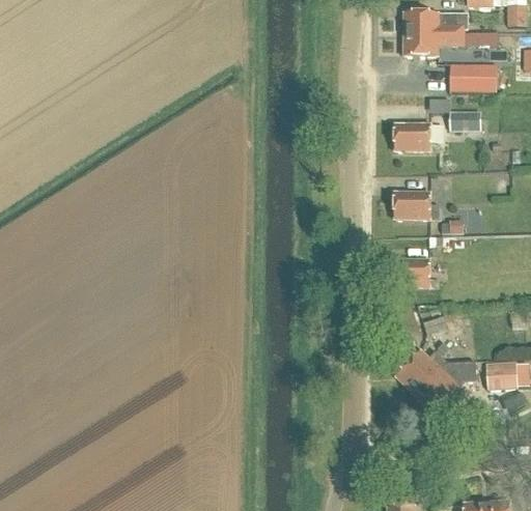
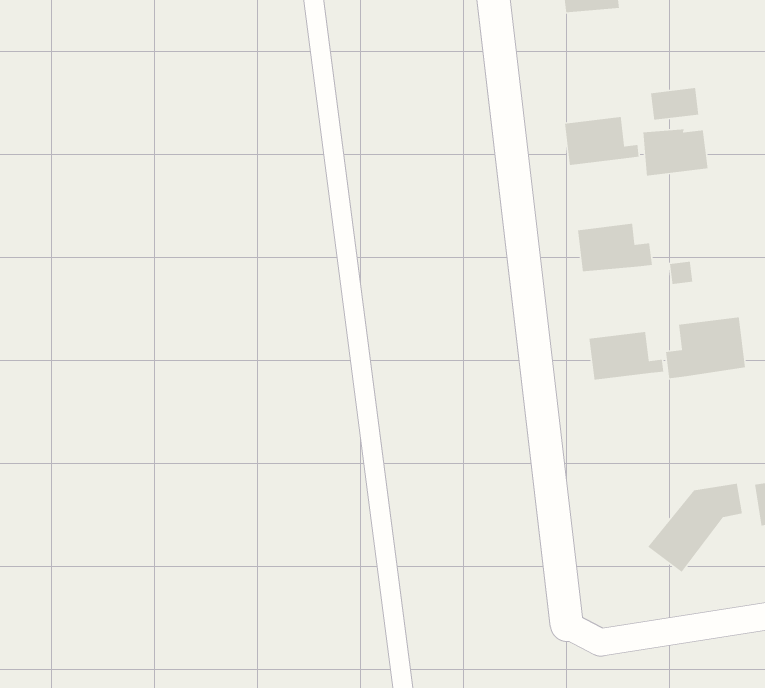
building: [449,62,488,90] -> [642,128,708,176]
building: none -> [665,317,746,379]
building: [396,350,448,394] -> none

